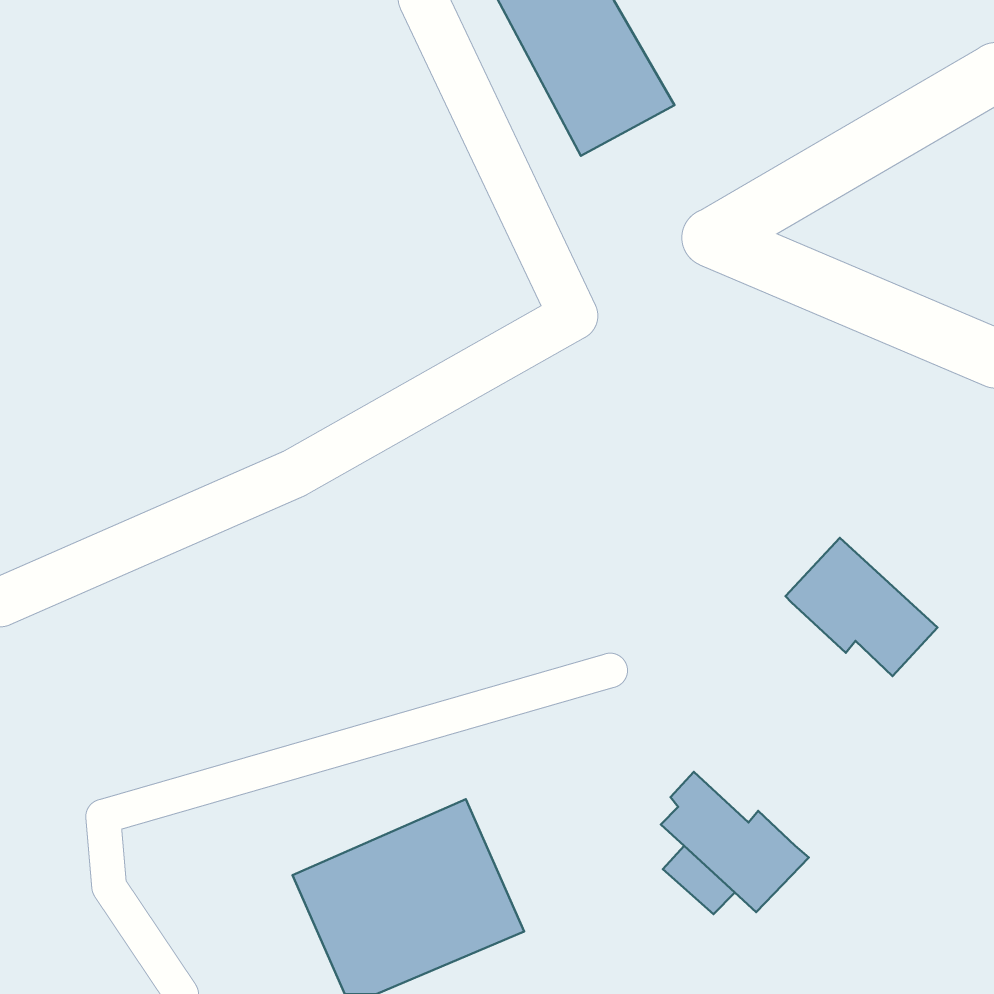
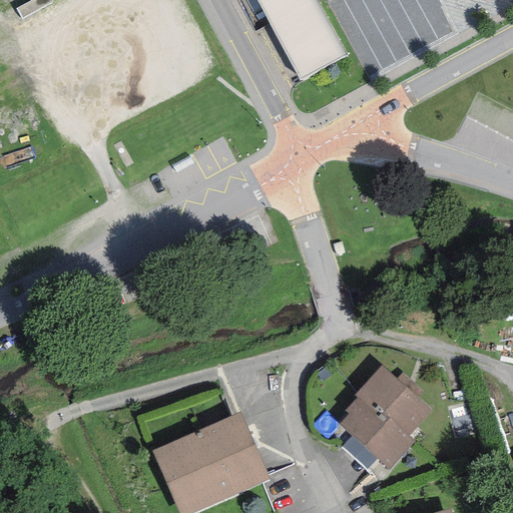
building: [785,538,937,676] -> [355,364,433,435]

